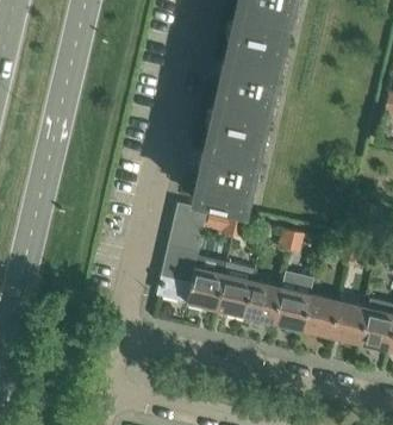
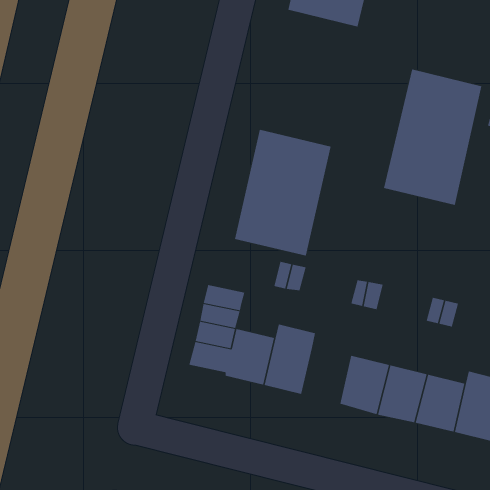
building: [212,25,287,129] -> [383,69,482,206]
building: [173,206,208,239] -> none
building: [244,281,281,324] -> none

